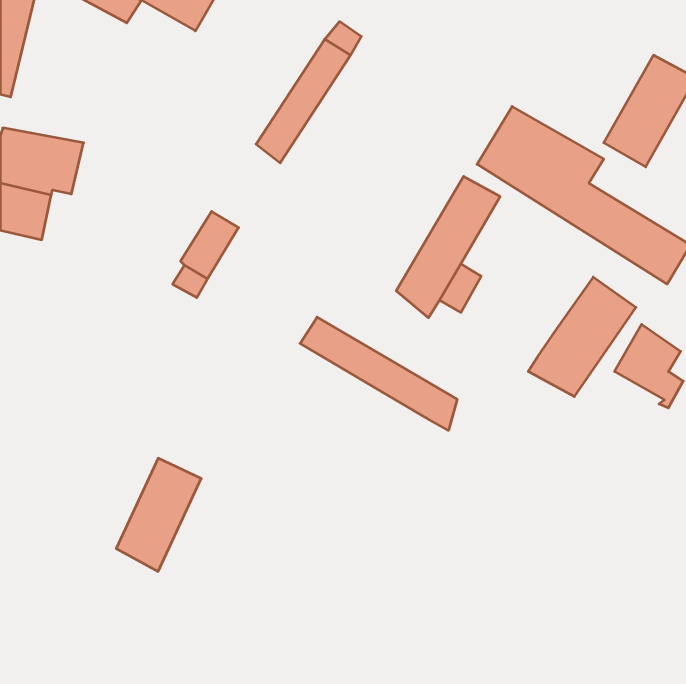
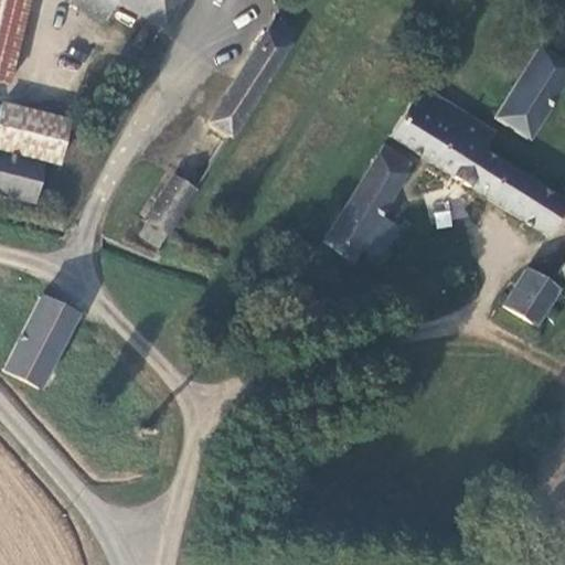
building: [528,277,636,397] -> none
building: [300,317,457,430] -> none
building: [116,458,201,571] -> [8,295,77,387]

